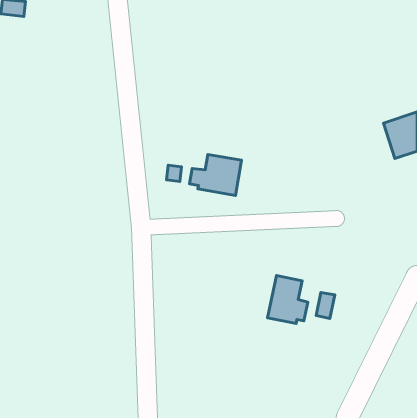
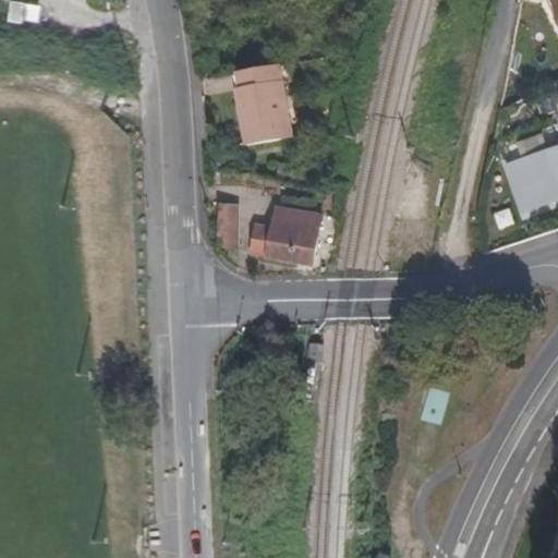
building: none -> [234,63,291,145]
building: [268,276,308,324] -> none

